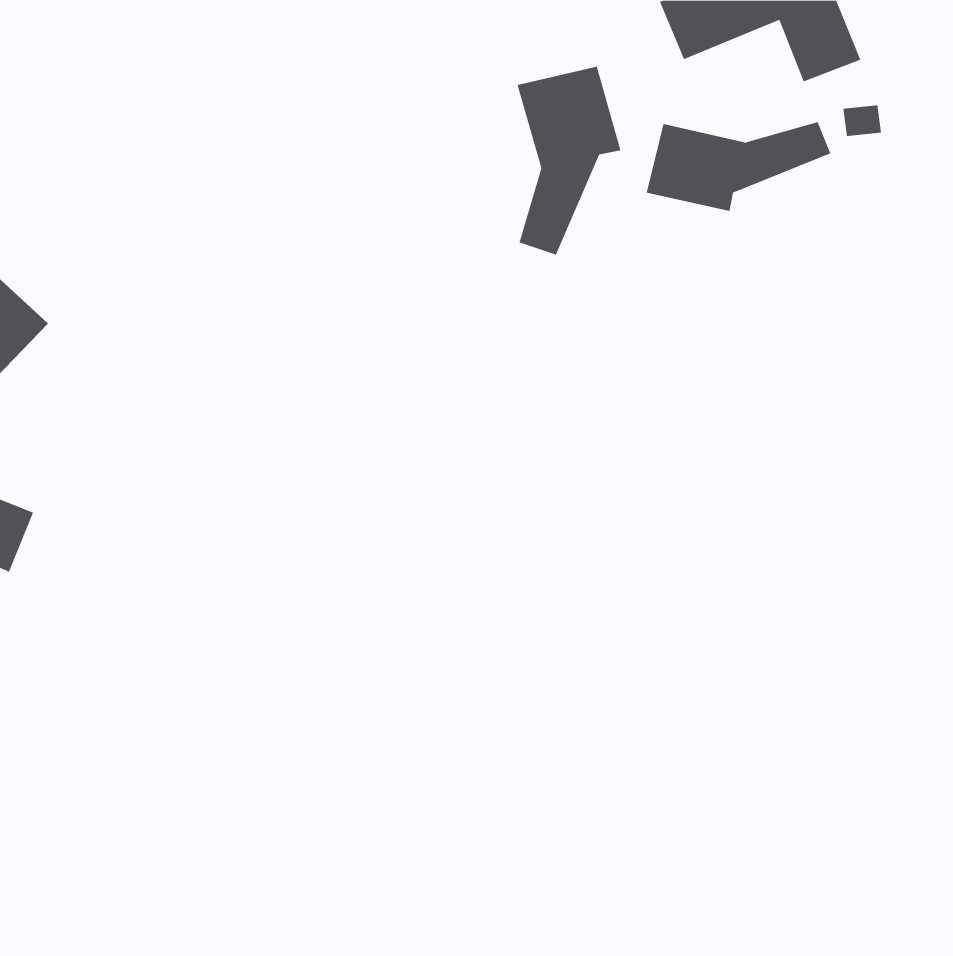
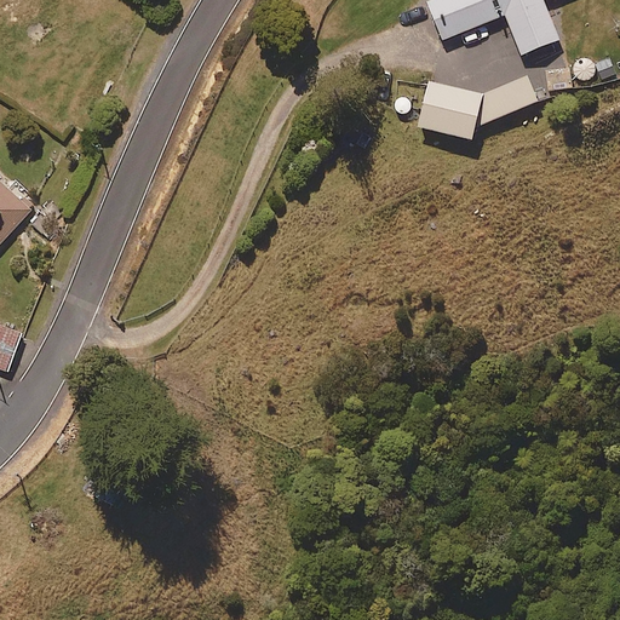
building: [517,66,621,255] -> none

